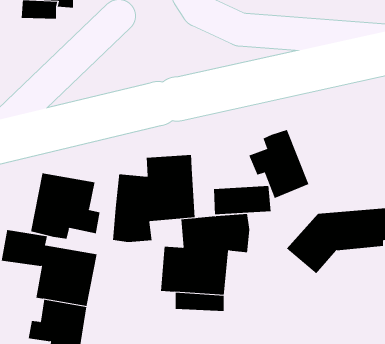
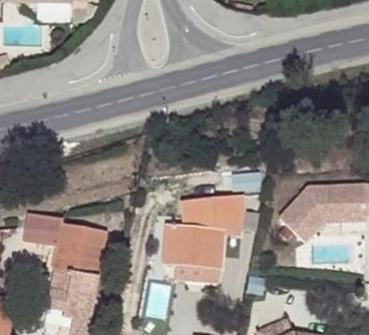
building: [249,129,309,199] -> none
building: [112,154,195,243] -> none
building: [31,172,100,240] -> none

